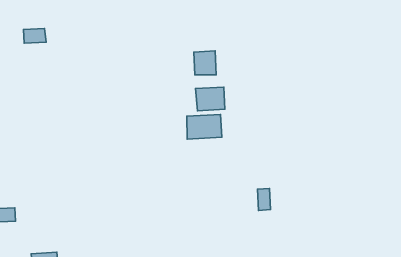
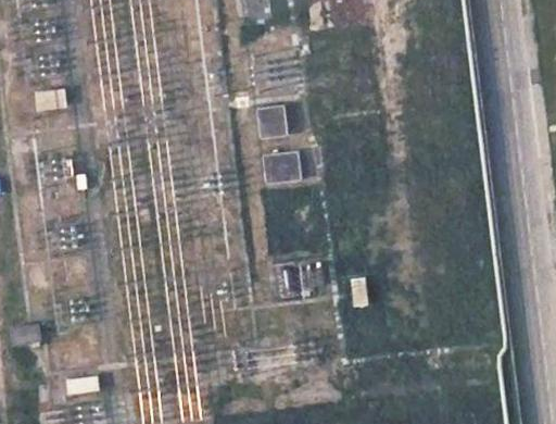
building: [187,115,222,139] -> none

